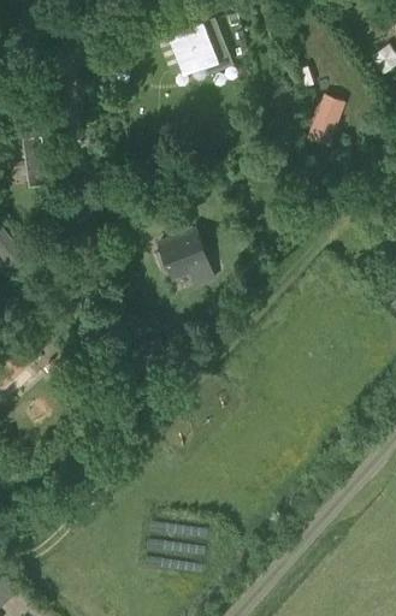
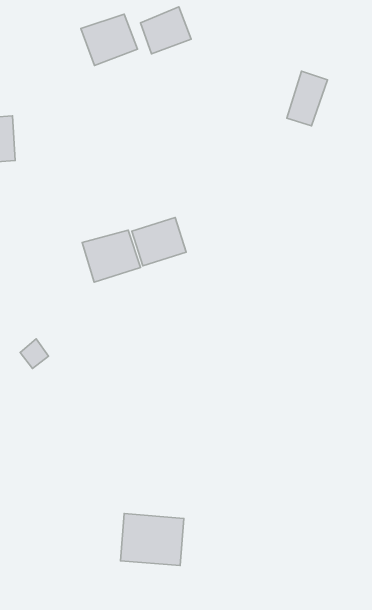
building: none -> [81,14,138,65]
building: none -> [82,230,140,282]

